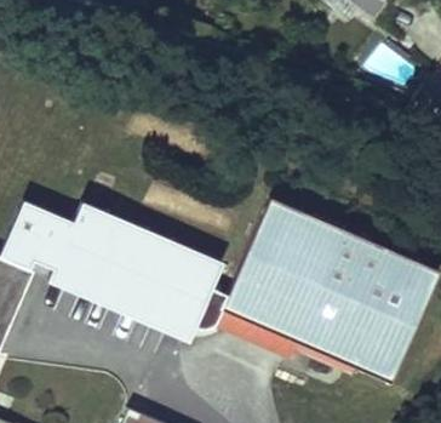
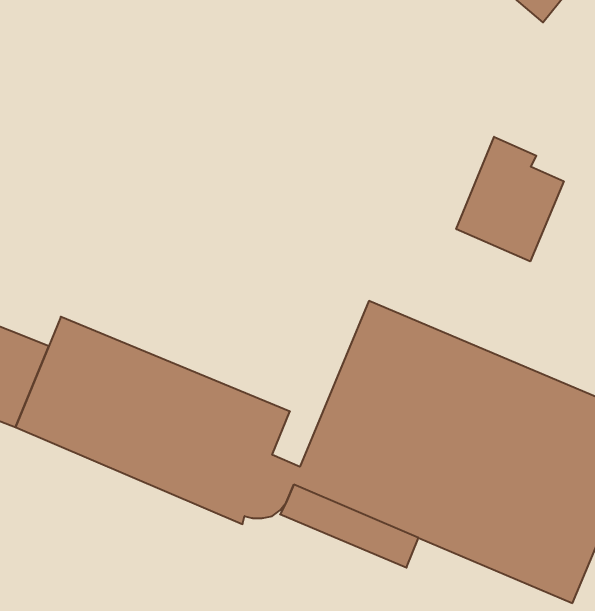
building: none -> [456,137,564,261]

